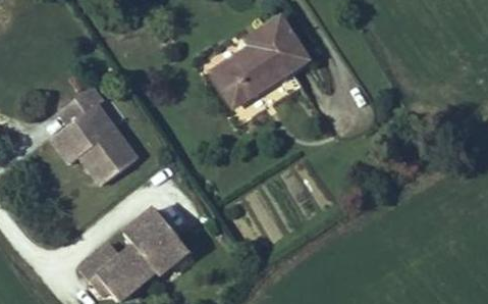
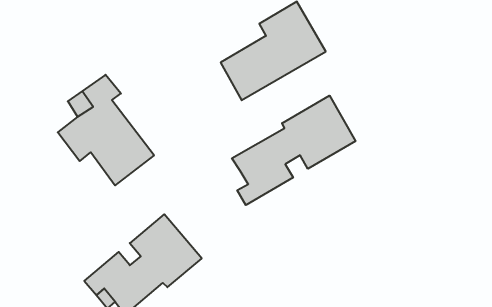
building: none -> [232,96,355,205]

